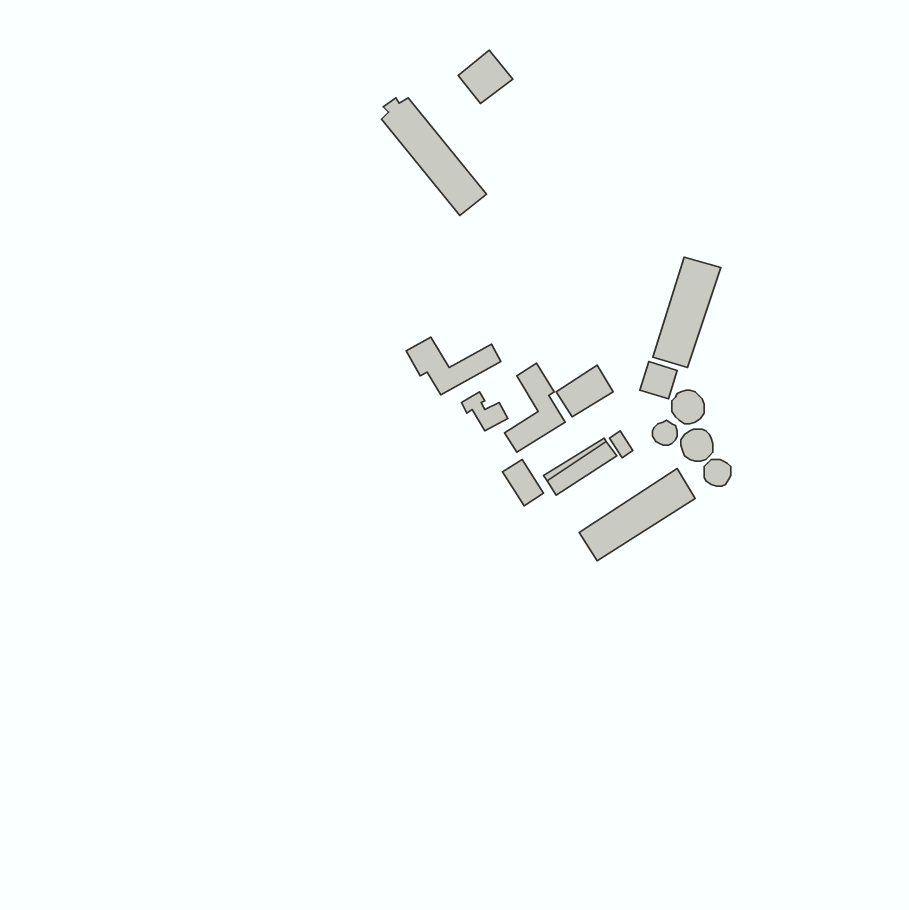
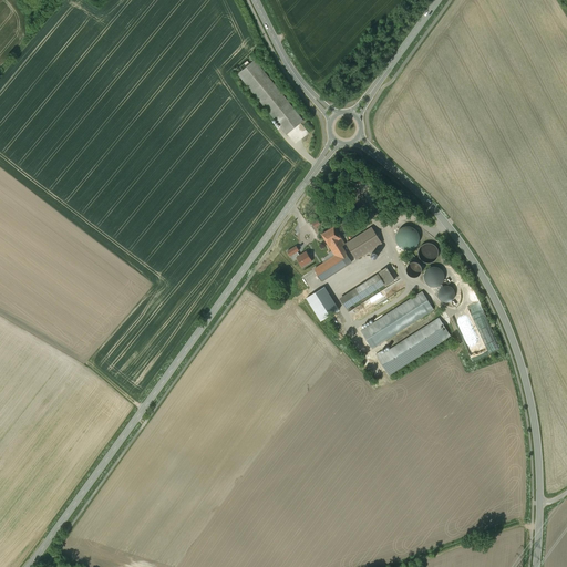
building: [458,50,513,103] -> none
building: [653,257,721,368] -> none
building: [406,337,501,395] -> none
building: none -> [377,318,450,374]

